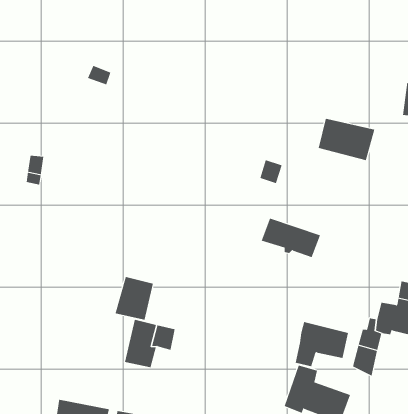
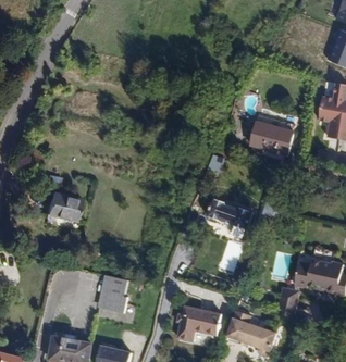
building: none -> [48,191,81,220]
building: [115,276,154,321] -> none
building: [295,321,349,367] -> [180,305,221,340]

